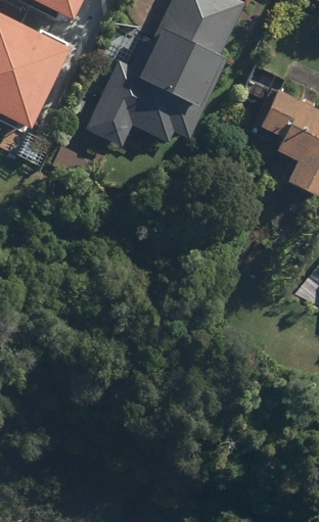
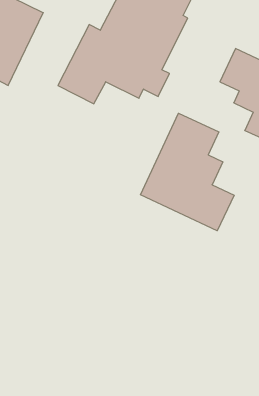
building: none -> [140,113,234,231]

